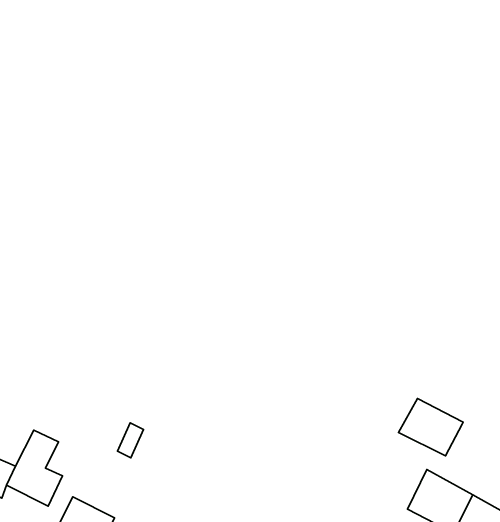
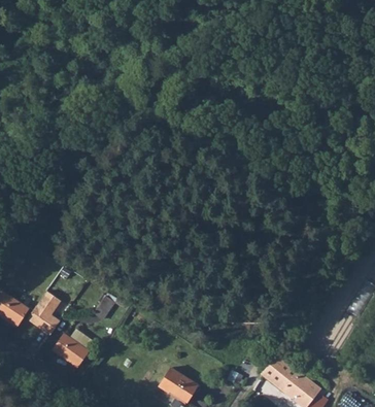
building: [398,398,463,456] -> none

